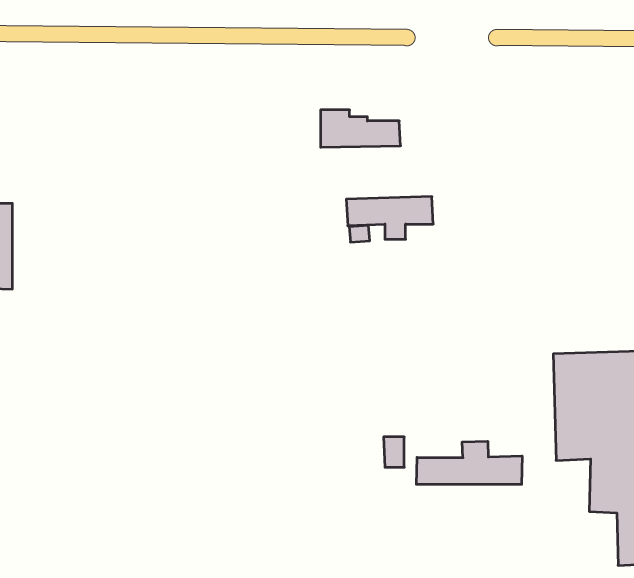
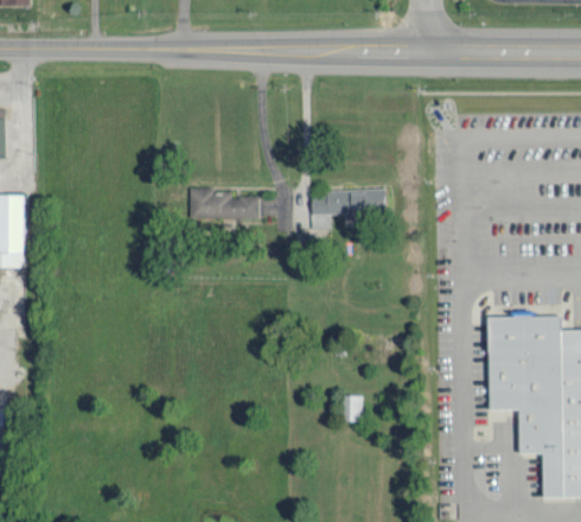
building: [321,110,401,147] -> [190,186,258,218]
building: [416,441,522,484] -> none

